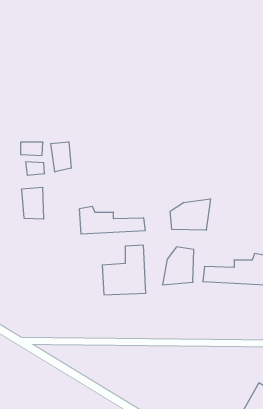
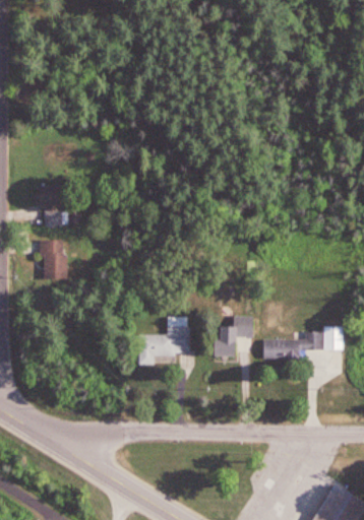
building: [51,142,71,172] -> none
building: [170,199,210,230] -> none
building: [80,206,145,234] -> none

